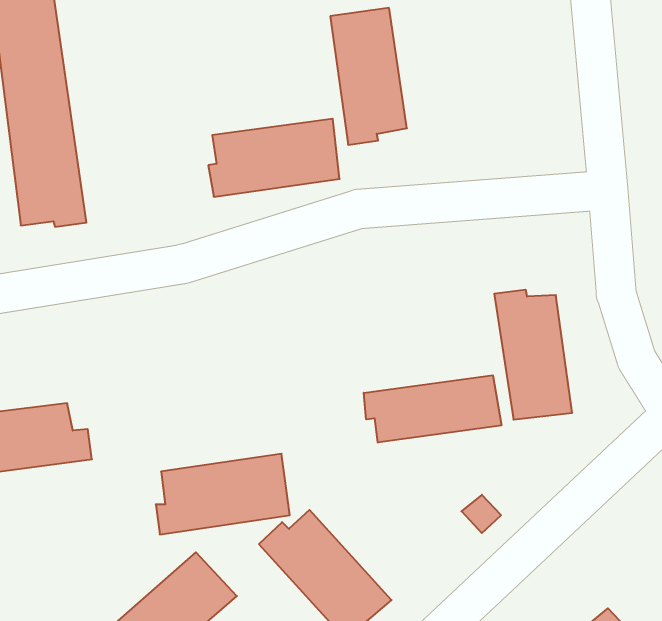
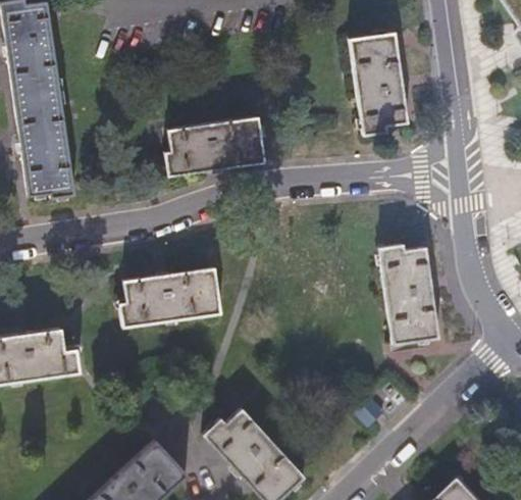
building: [330,8,407,145] -> [350,33,407,135]
building: [364,375,501,443] -> none
building: [156,454,290,534] -> [119,266,219,327]

